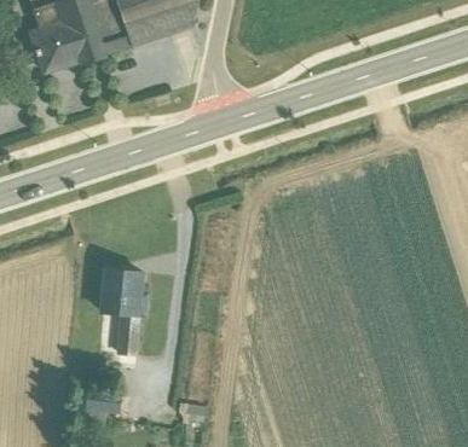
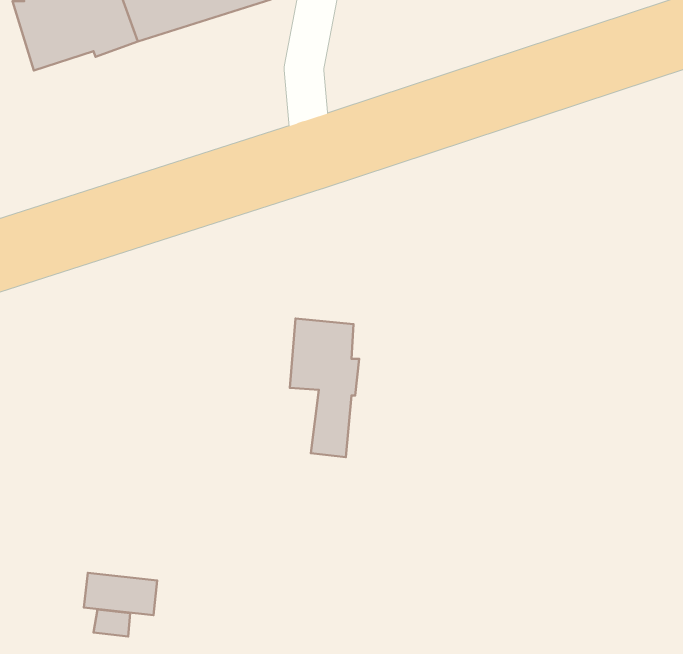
building: [102,269,145,356] -> [290,318,359,457]

